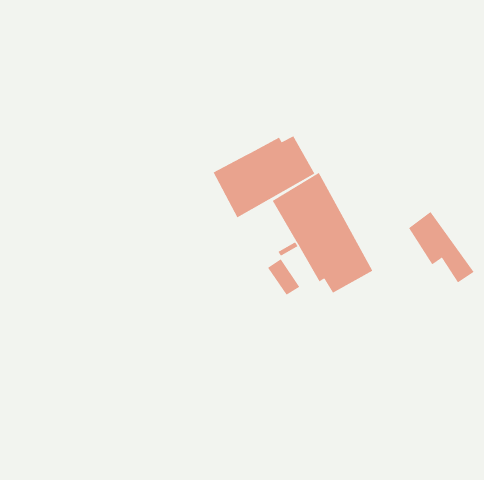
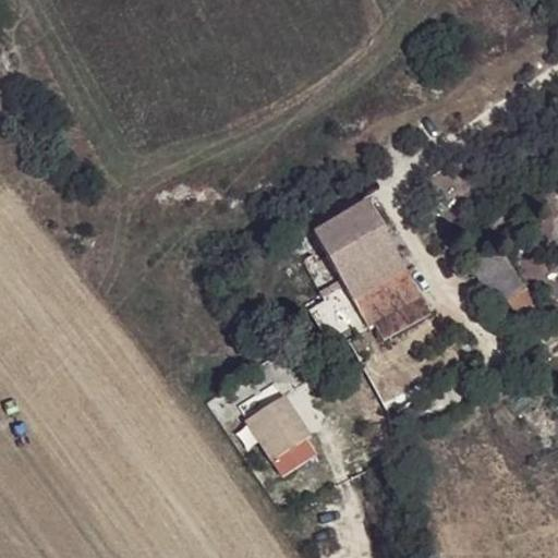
building: [213,135,315,218] -> none
building: none -> [245,392,316,474]

